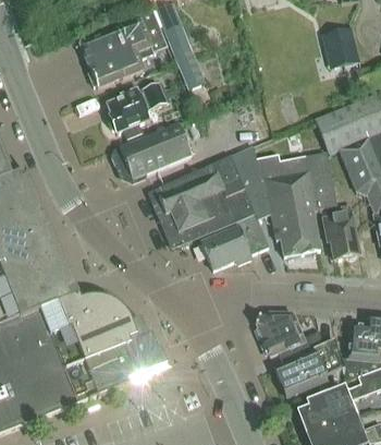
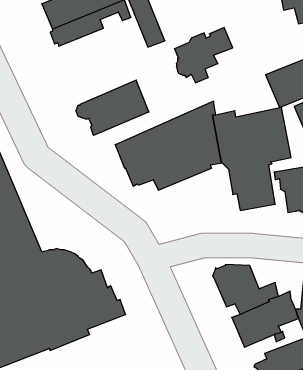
building: [106,82,165,139] -> [174,28,233,83]
building: [200,215,268,269] -> none

